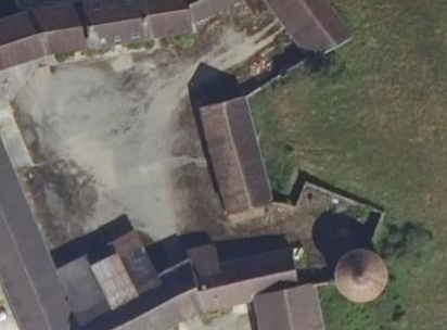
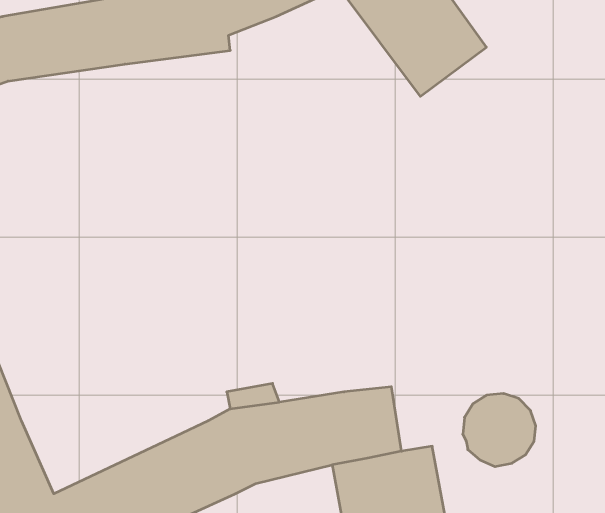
building: [206,97,273,213] -> none
building: [53,233,152,317] -> none

